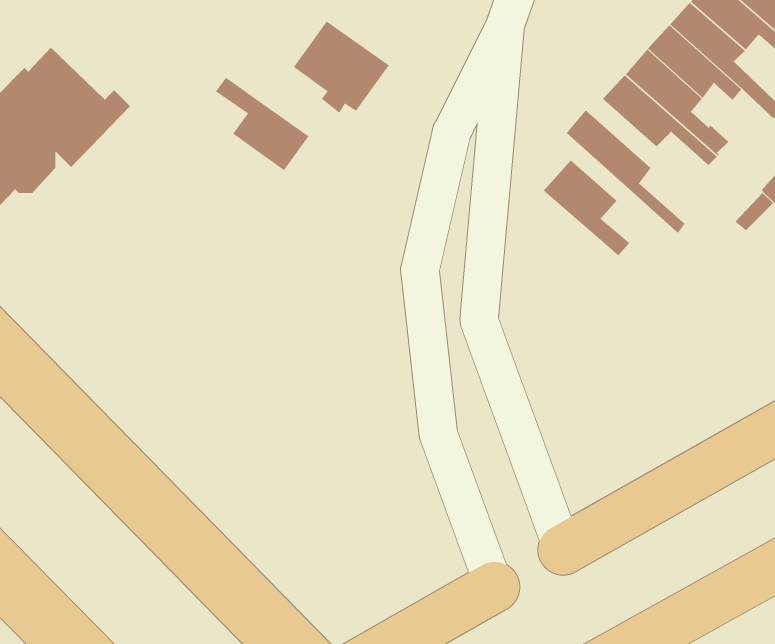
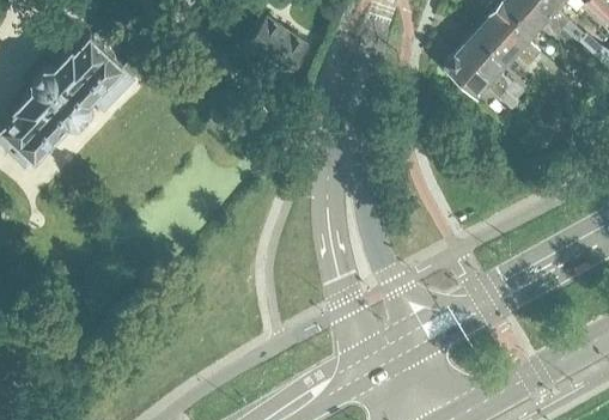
building: [215,77,310,171] -> none
building: [566,110,686,234] -> none
building: [543,159,630,256] -> none

